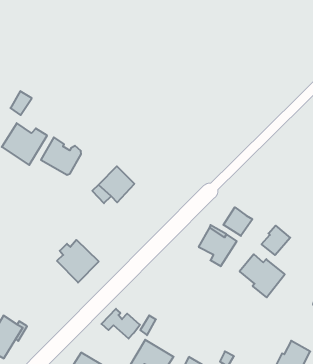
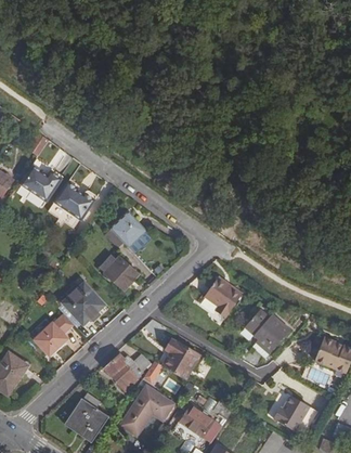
building: [223,207,252,236] -> none
building: none -> [103,256,138,289]
building: [262,226,290,255] -> none
building: none -> [32,312,73,355]
building: none -> [162,340,199,379]

